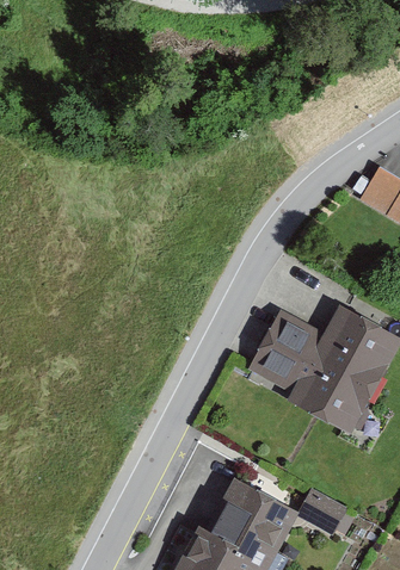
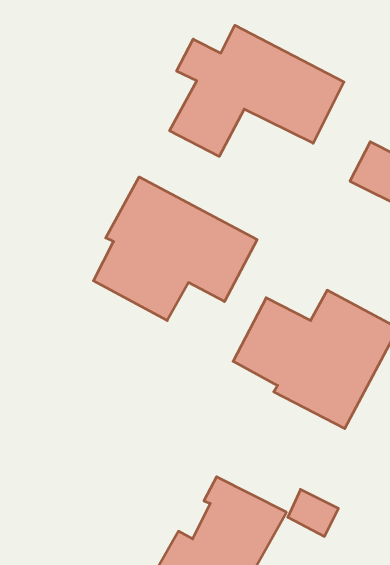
building: none -> [170,25,344,156]
building: none -> [93,177,257,321]

